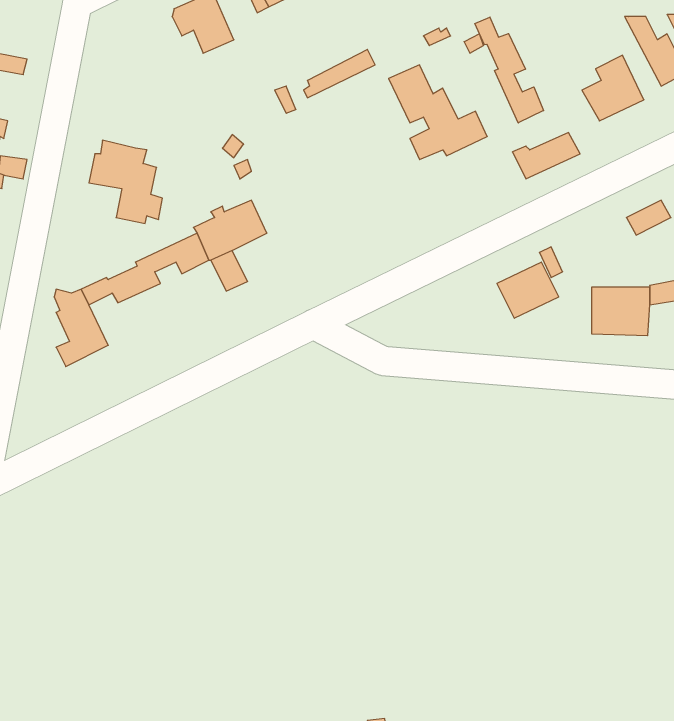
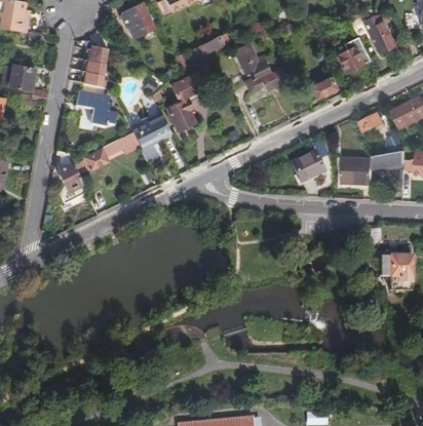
building: [475,17,544,123] -> none
building: none -> [83,43,110,85]
building: none -> [167,73,209,129]

